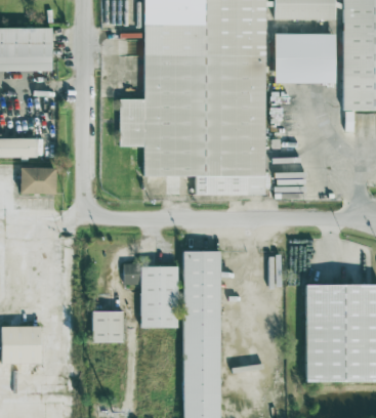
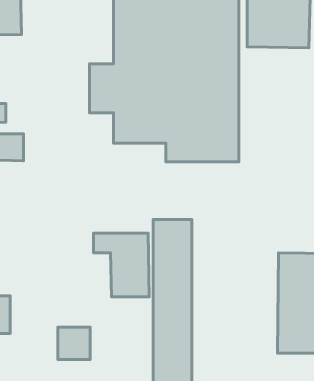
building: [92,310,124,342] -> [58,327,90,359]

